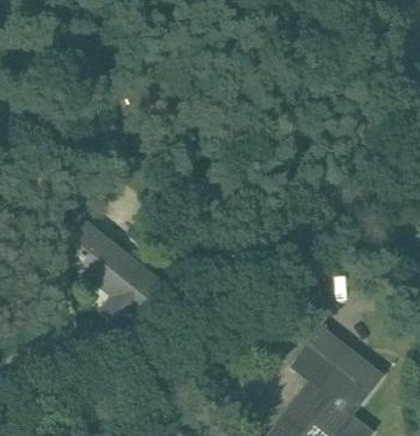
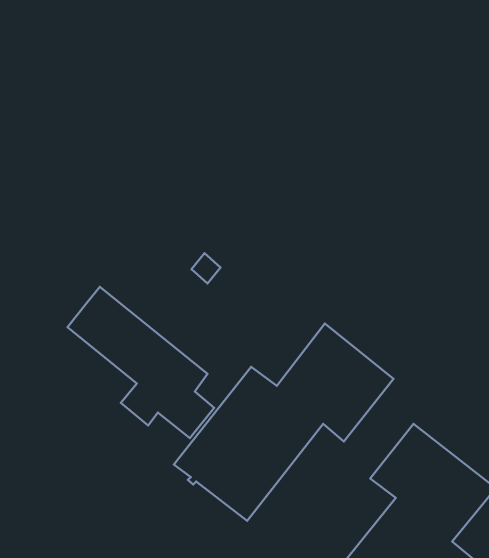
building: none -> [174,324,393,521]

